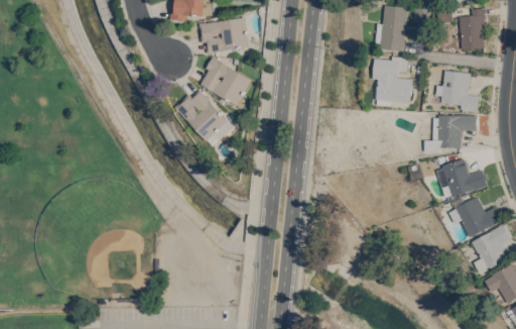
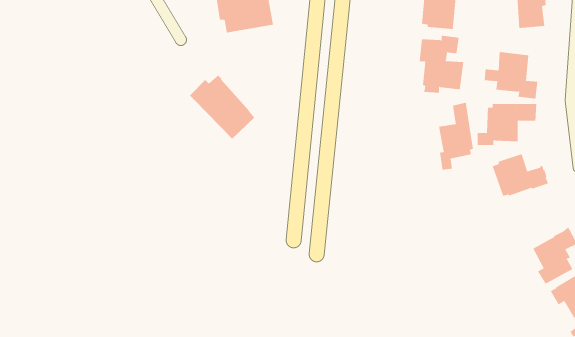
building: [200,57,251,108] -> none
building: none -> [438,102,473,171]
building: [449,197,503,237] -> none

